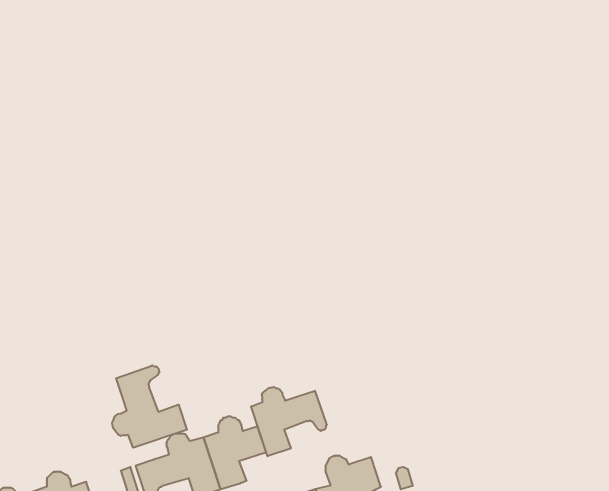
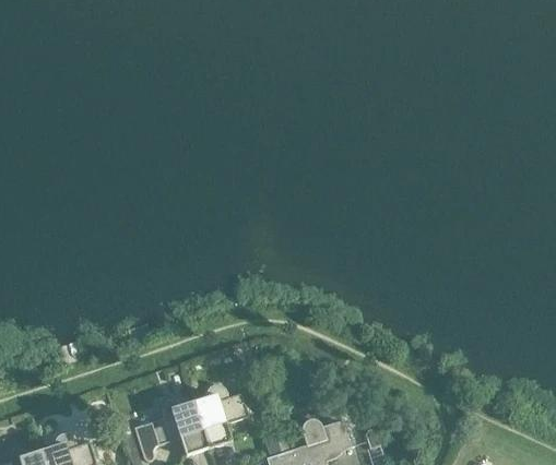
building: [112,365,187,448] -> none
building: [251,387,327,456] -> none

